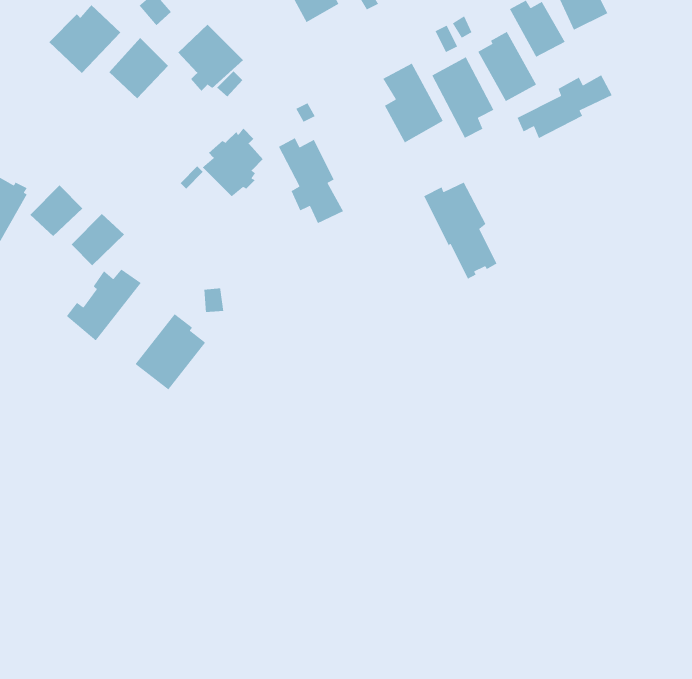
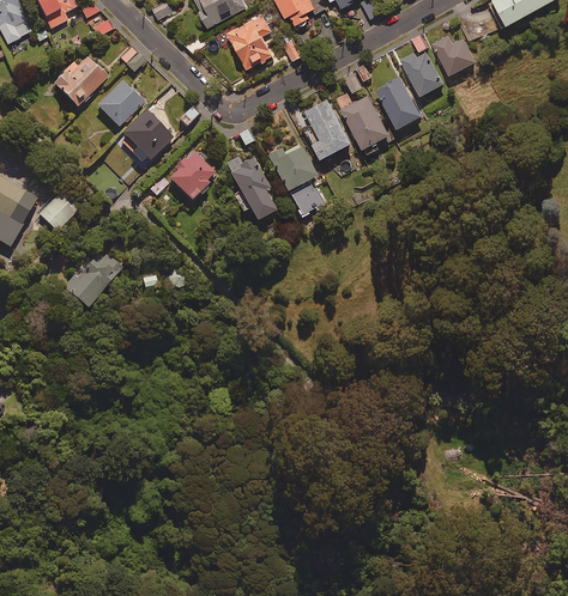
building: [177,24,244,92] -> [122,111,173,163]
building: [517,74,613,139] -> none
building: [423,182,497,280] -> [268,144,325,218]
building: [71,213,125,266] -> none
building: [134,313,206,391] -> none

